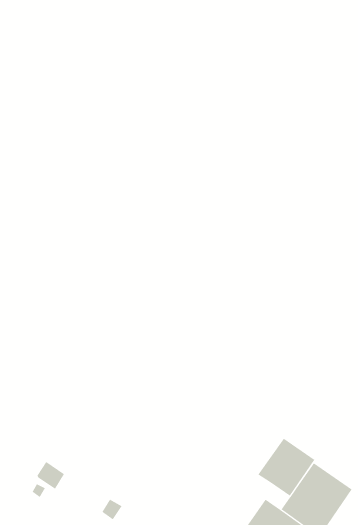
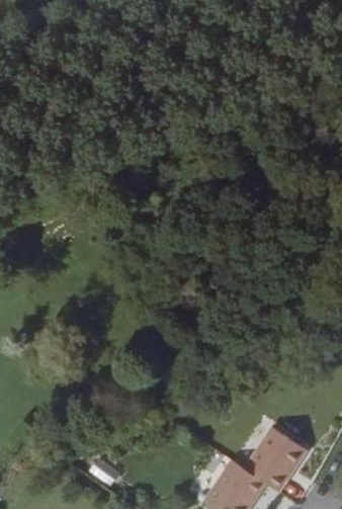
building: [258,438,315,496] -> none

